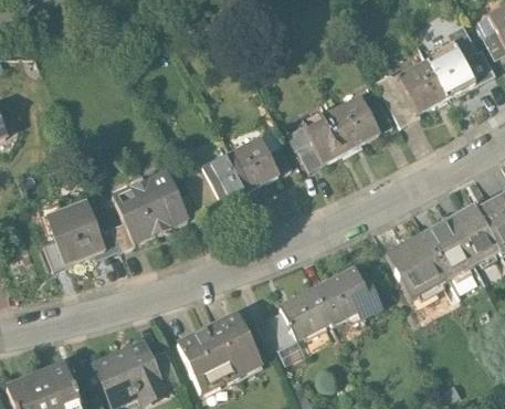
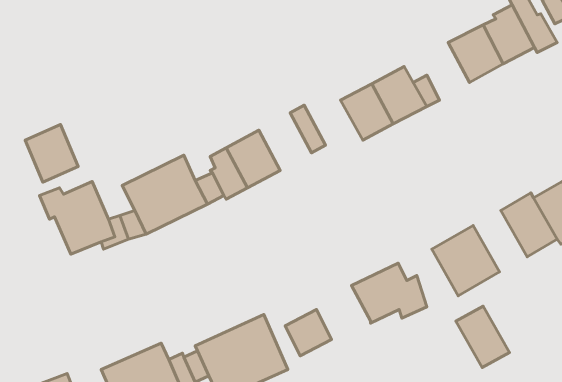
building: [377,73,419,122] -> none
building: [290,126,325,170] -> none
building: [233,137,280,188] -> none
building: none -> [25,125,78,182]
building: [422,223,470,277] -> [456,306,510,367]
building: [282,290,332,337] -> none

